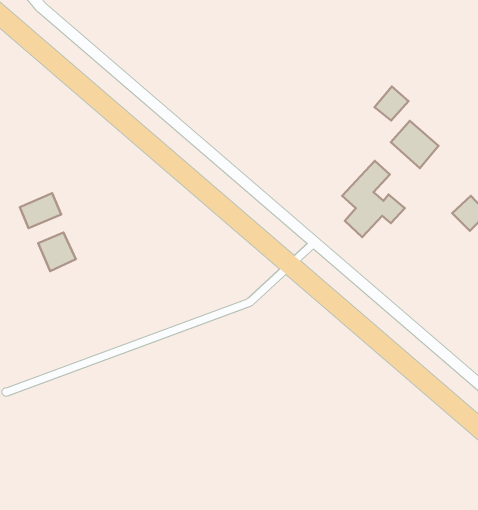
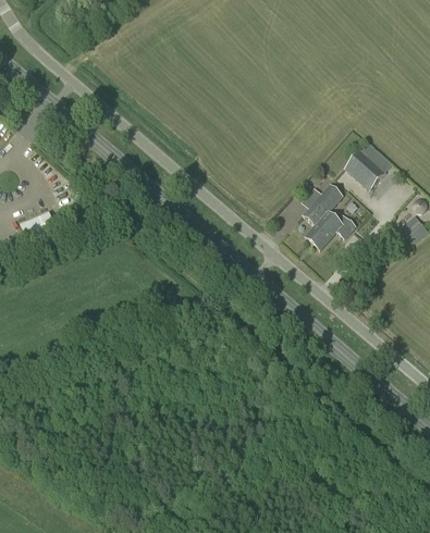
building: [374,86,408,121] -> none
building: [38,233,76,271] -> none

